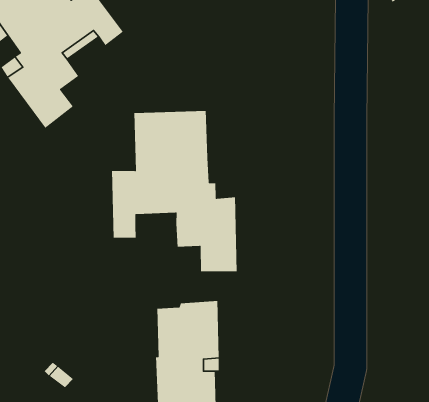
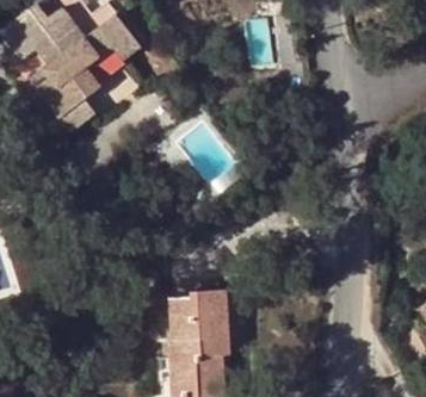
building: [111,110,238,272] -> none

